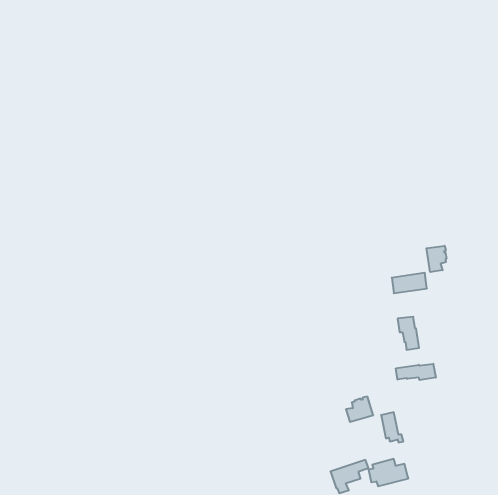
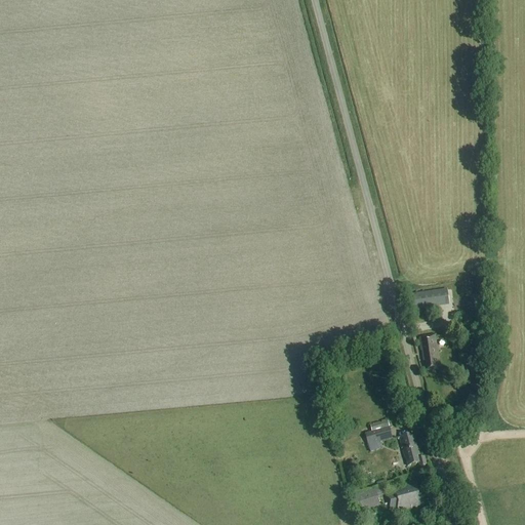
building: [426,246,446,272] -> none
building: [396,364,436,380] -> none

